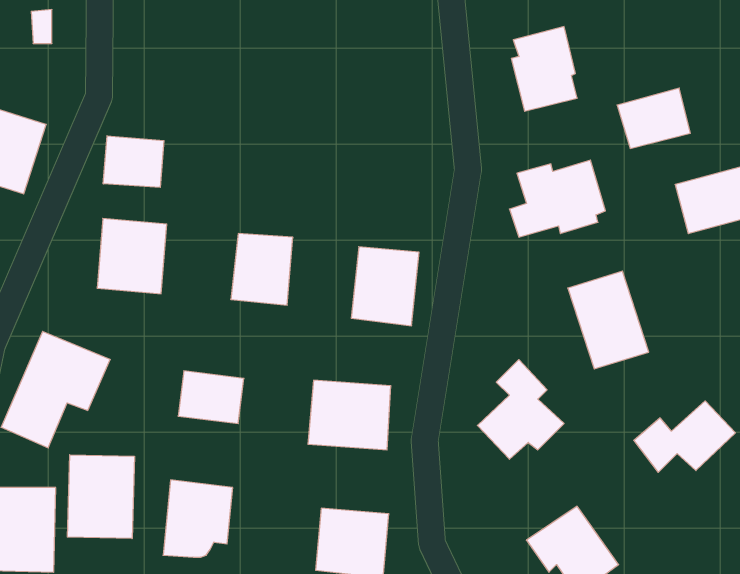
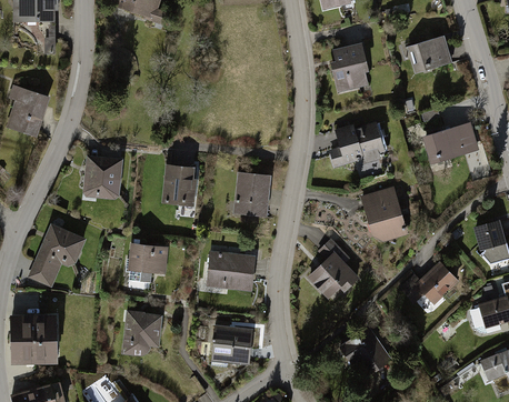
building: [617,88,690,148] -> [407,36,450,71]
building: [103,136,164,187] -> none
building: [67,455,134,539] -> none

